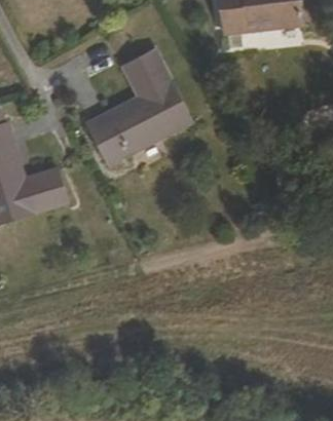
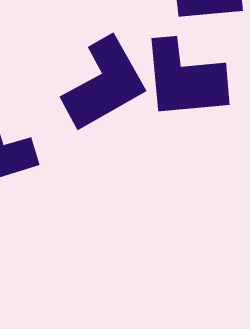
building: none -> [151,35,230,112]

